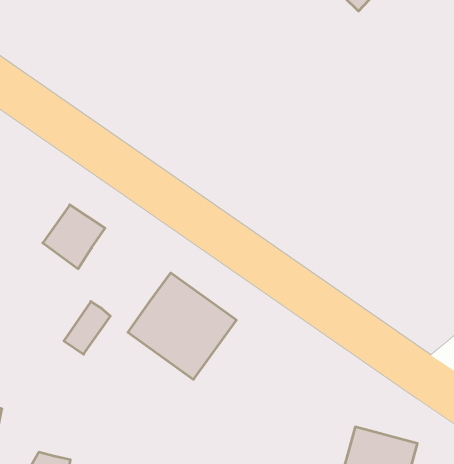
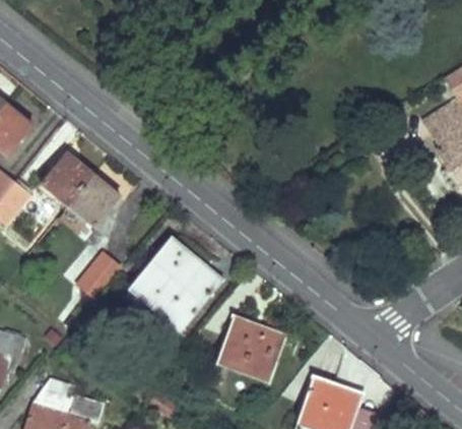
building: none -> [42,155,92,205]
building: none -> [219,316,285,376]

